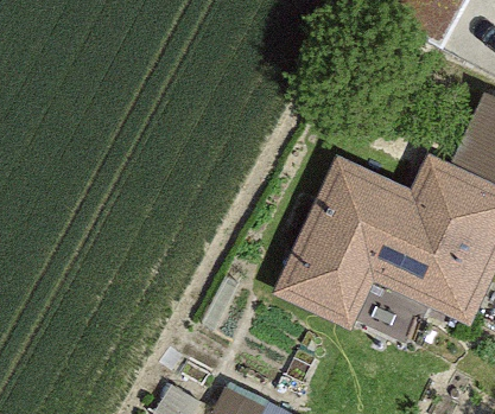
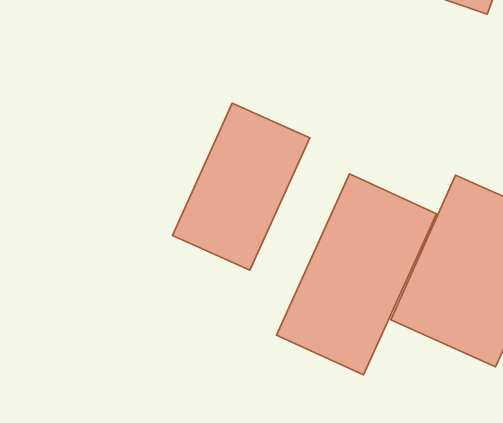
building: none -> [172,103,310,270]

